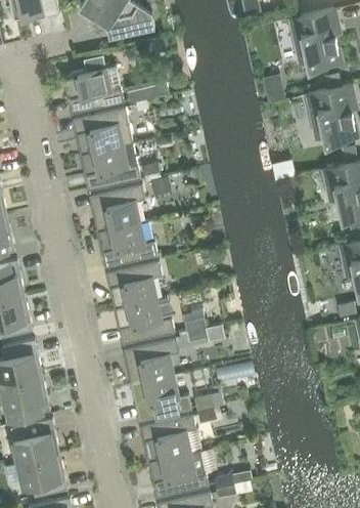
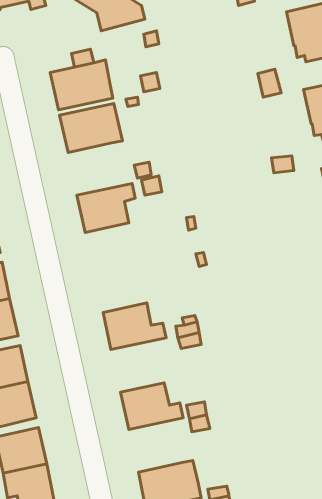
building: [81,143,141,190] -> none
building: [97,222,158,267] -> none
building: [106,261,163,308] -> none
building: [123,338,179,385] -> none
building: [140,415,196,462] -> none

